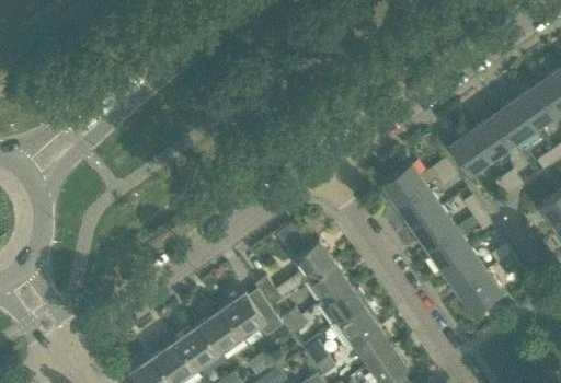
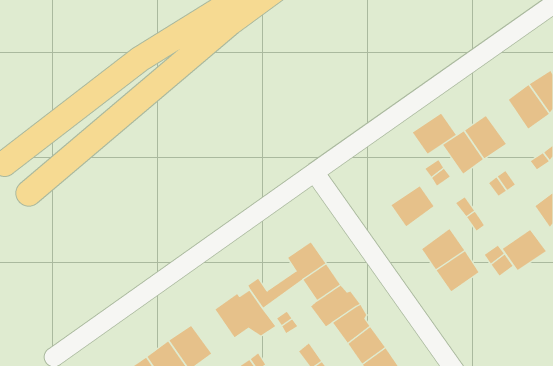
building: [493,102,535,146] -> none
building: [382,165,427,207] -> [412,113,457,155]
building: [413,208,457,251] -> none
building: [458,274,503,315] -> [502,229,547,271]
building: [199,311,242,355] -> none

